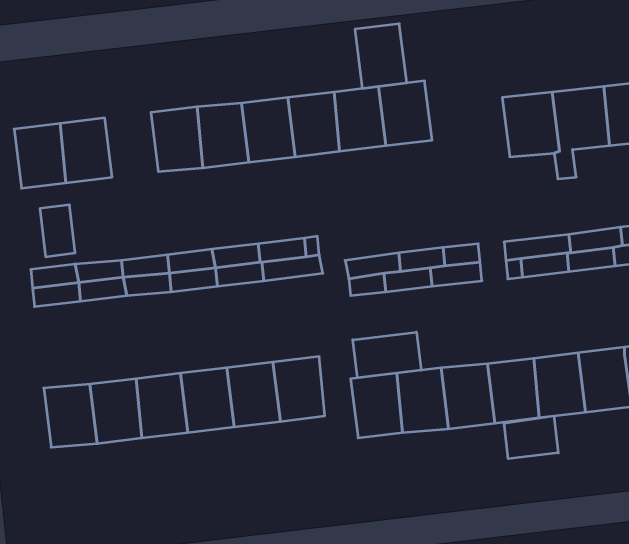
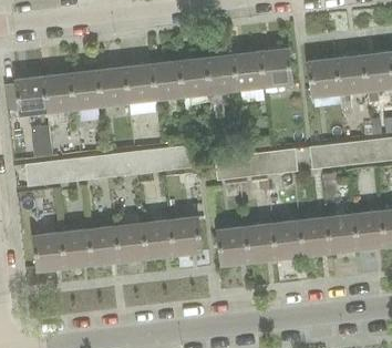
building: [355,24,407,88] -> [261,48,292,86]
building: none -> [70,70,102,109]
building: [353,332,421,378] -> none
building: [504,416,558,459] -> none

